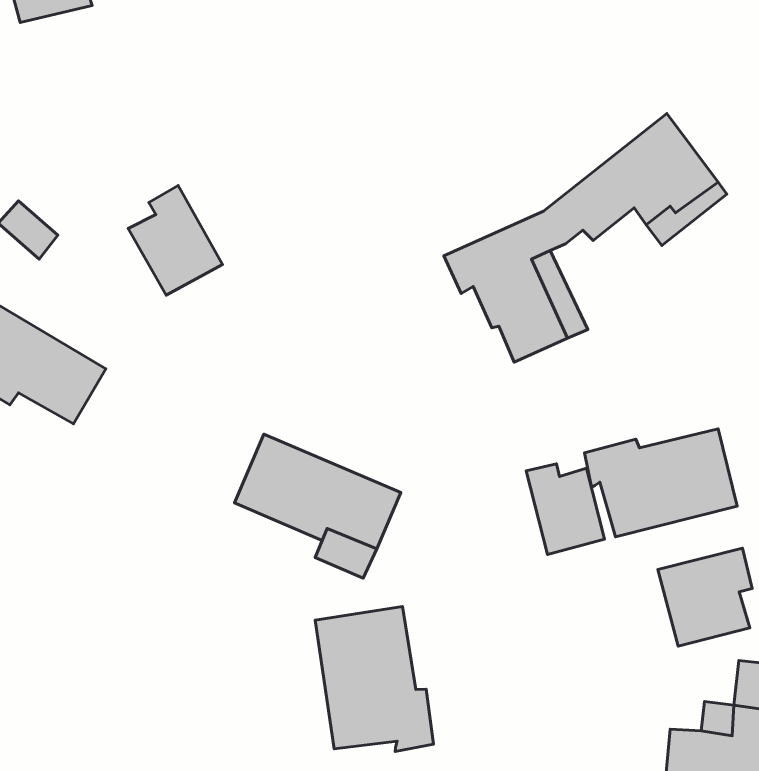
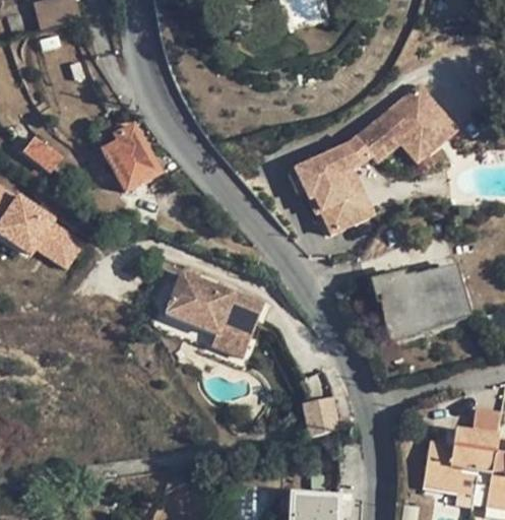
building: [526,464,605,555] -> none
building: [658,548,752,646] -> none
building: [315,606,434,751] -> none
building: none -> [306,395,341,435]

